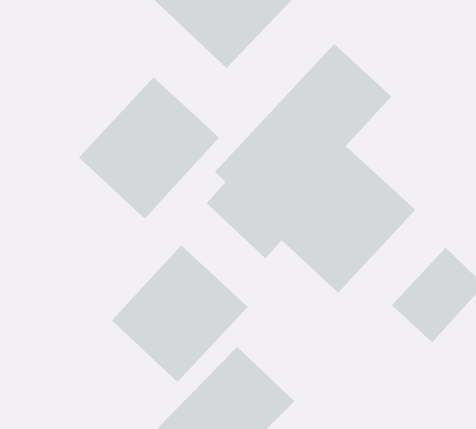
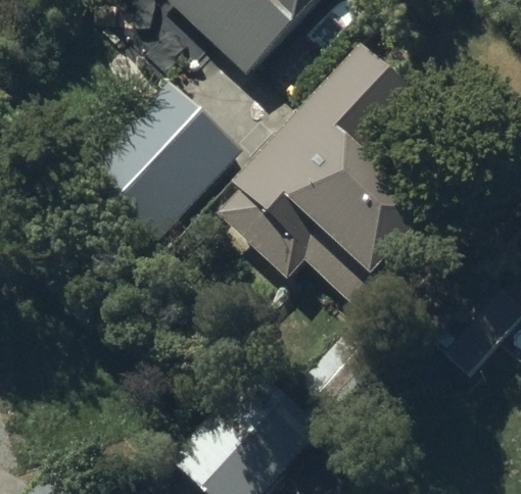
building: [111,245,249,383] -> none

